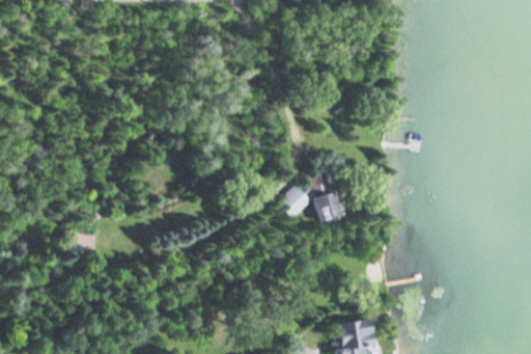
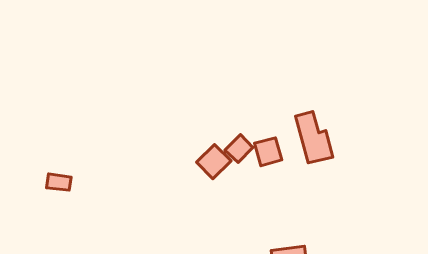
building: none -> [296,112,333,163]
building: none -> [197,145,231,179]

